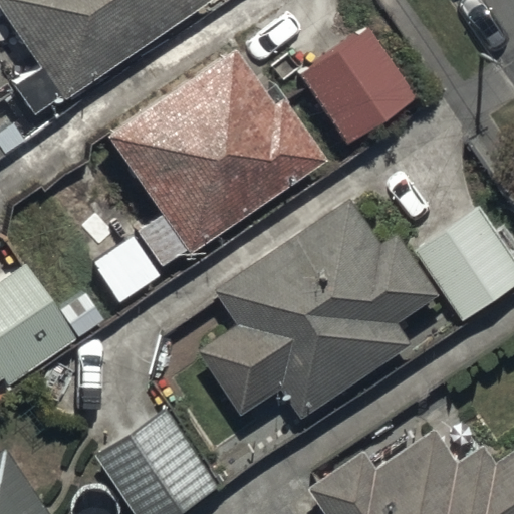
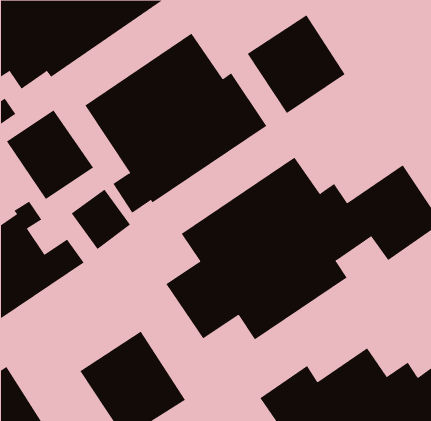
building: none -> [6,110,94,200]

